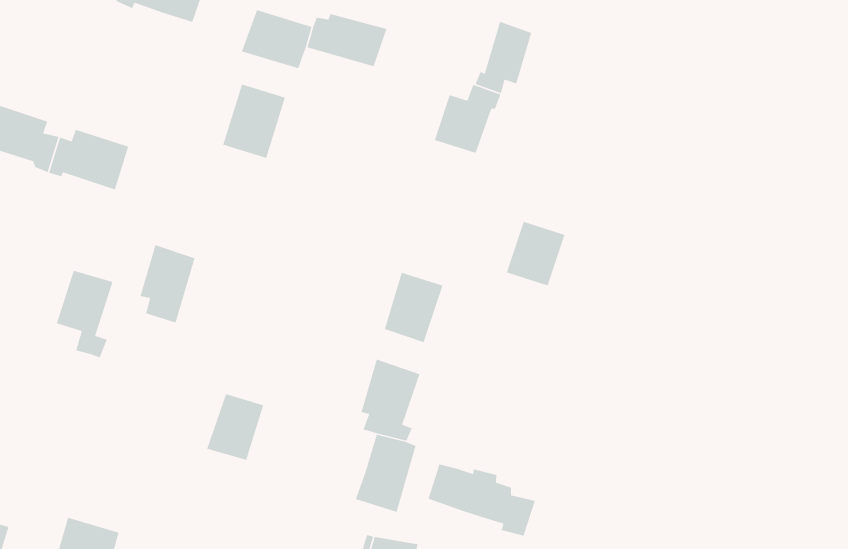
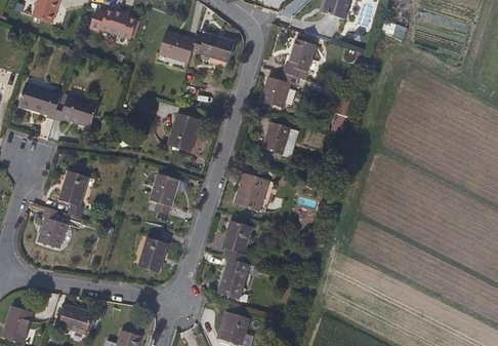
building: [222,84,286,159] -> [167,113,201,153]
building: [506,221,566,286] -> [258,122,290,157]
building: [140,244,195,323] -> [150,172,179,215]
building: none -> [42,206,69,248]
building: [428,463,536,536] -> none

